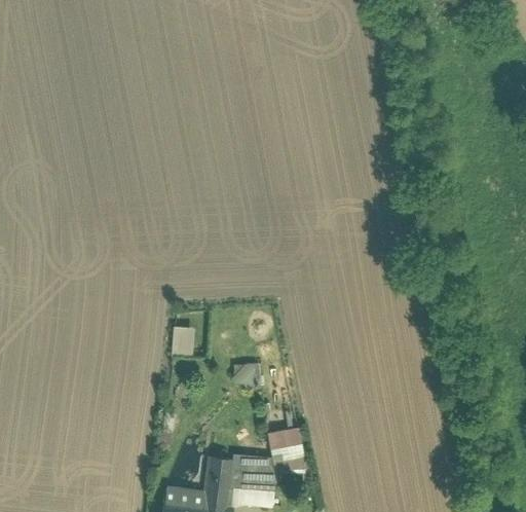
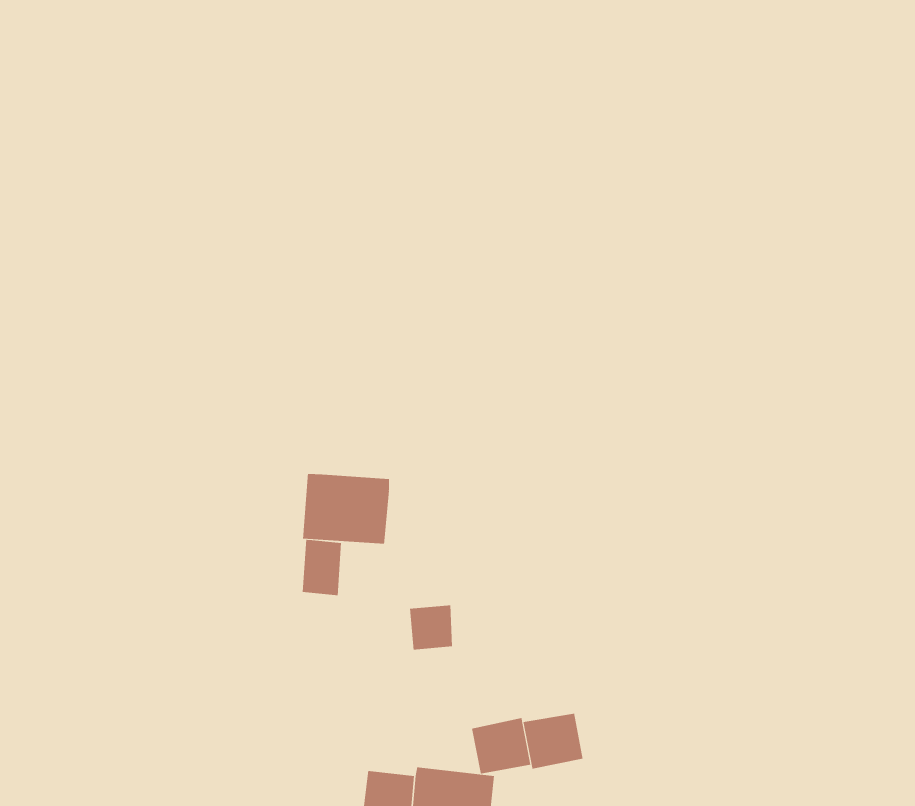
building: none -> [302,473,389,545]
building: none -> [523,713,583,770]

